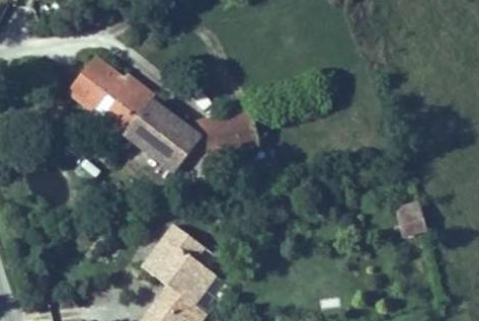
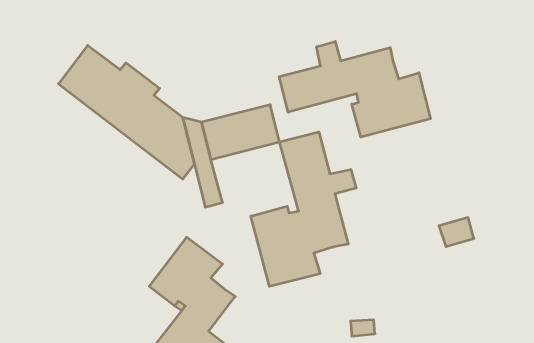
building: none -> [279,41,430,137]
building: none -> [251,132,356,286]

